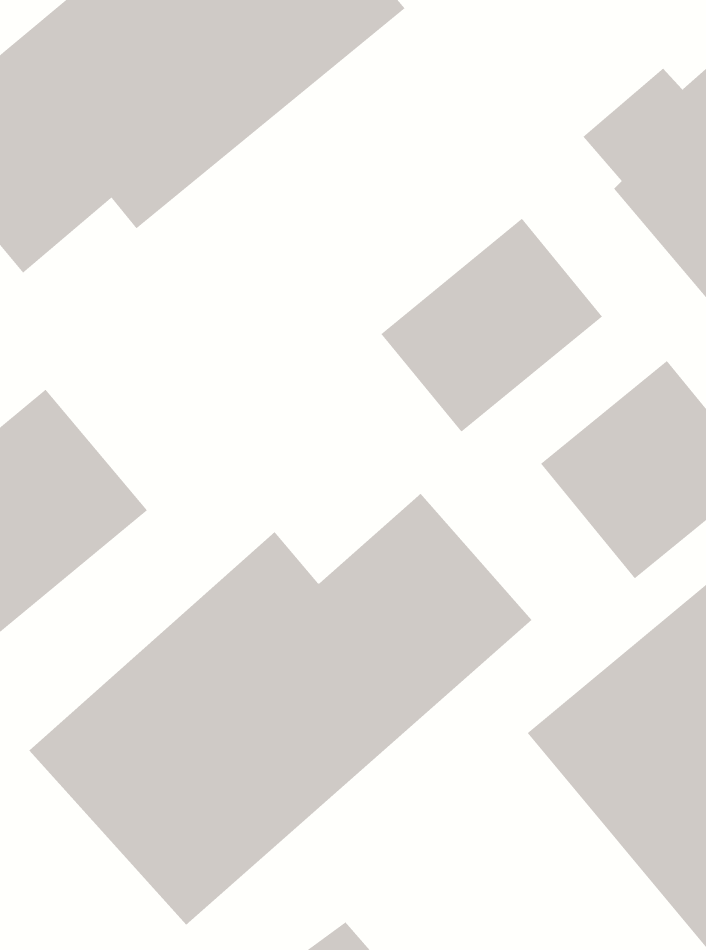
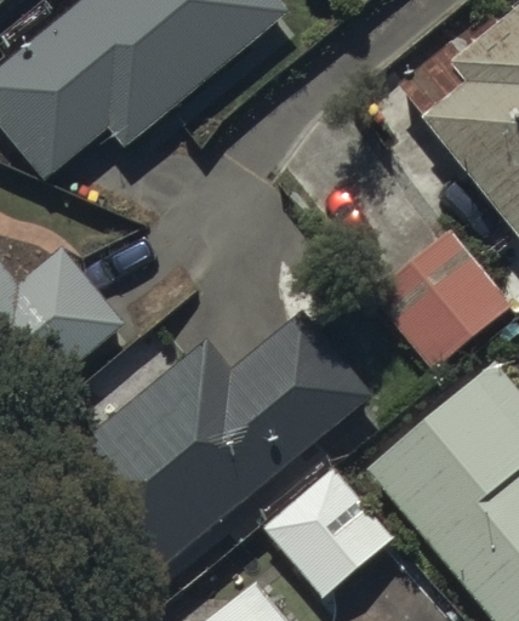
building: [380,218,603,432] -> none
building: none -> [261,465,392,596]

